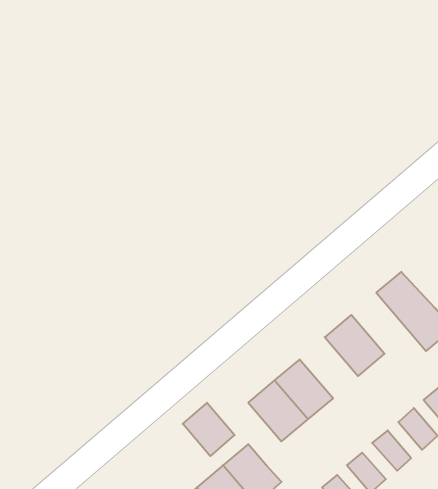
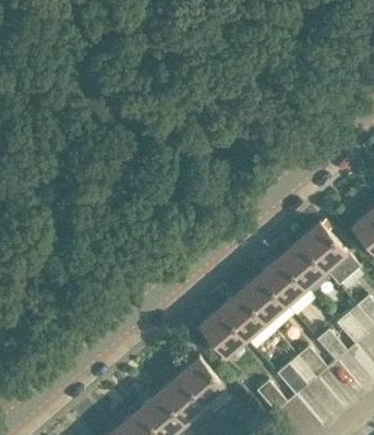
building: none -> [279,240,338,288]
building: none -> [239,275,285,323]
building: [183,403,235,456] -> none

